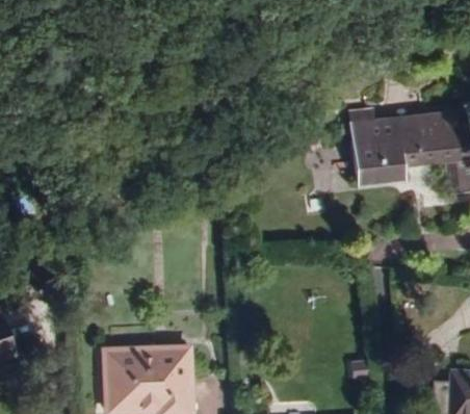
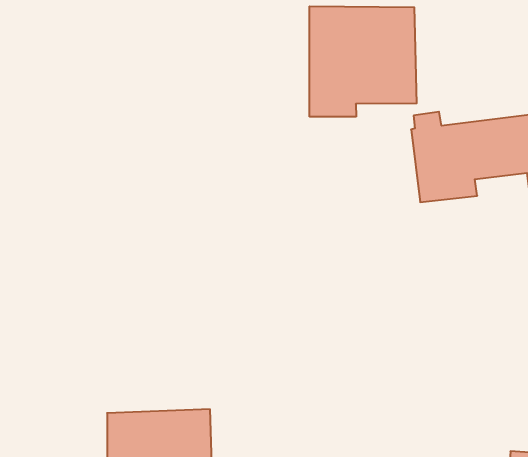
building: none -> [310,6,417,117]

